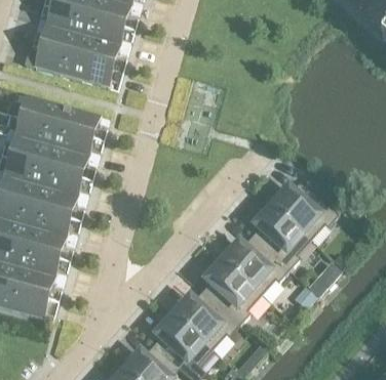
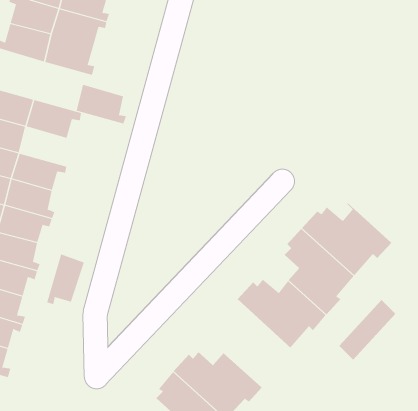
building: [51,125,90,156] -> [76,84,127,124]
building: none -> [46,254,84,305]
building: [205,257,260,325] -> none

